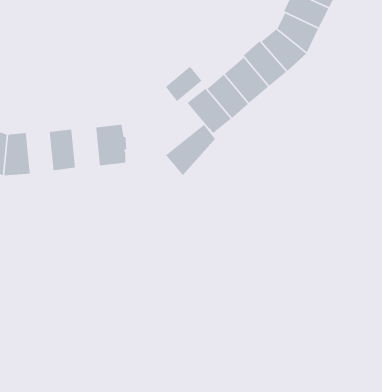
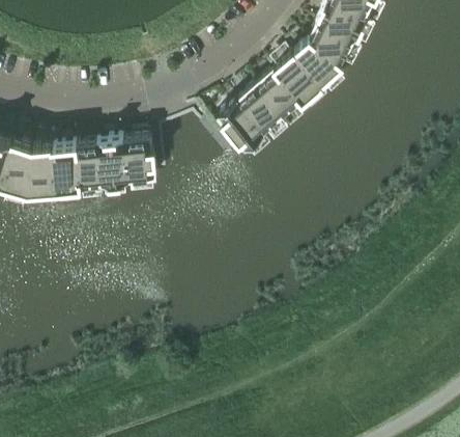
building: [165,65,203,102] -> none
building: [164,124,216,176] -> none
building: none -> [95,145,124,192]
building: none -> [49,152,76,195]

